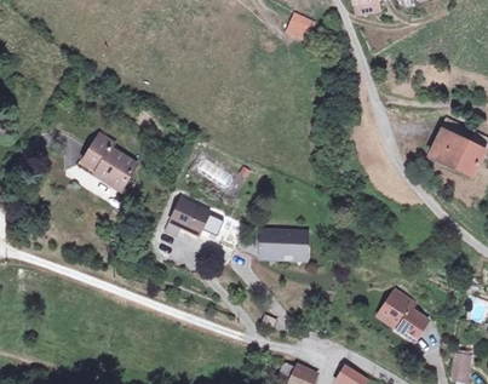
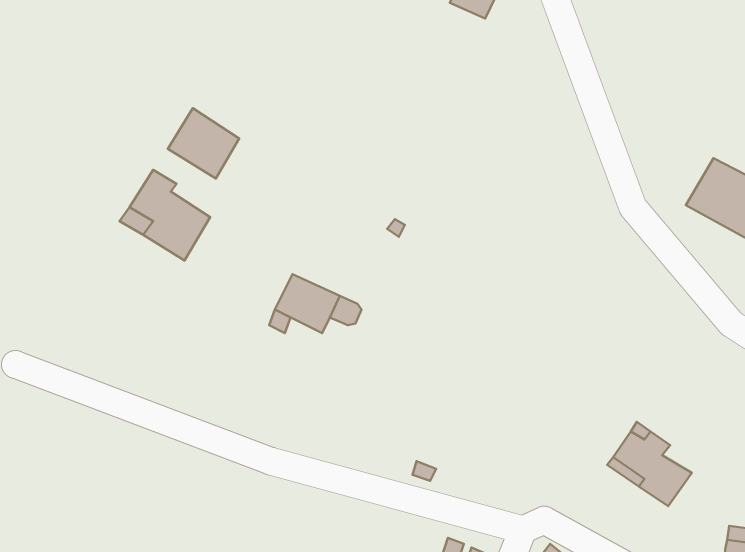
building: none -> [168,108,239,179]
building: [263,235,308,260] -> none

